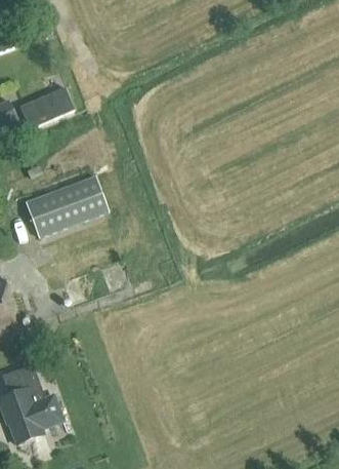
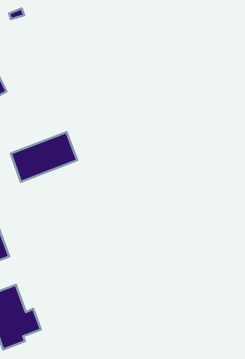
building: [19,86,74,127] -> none

